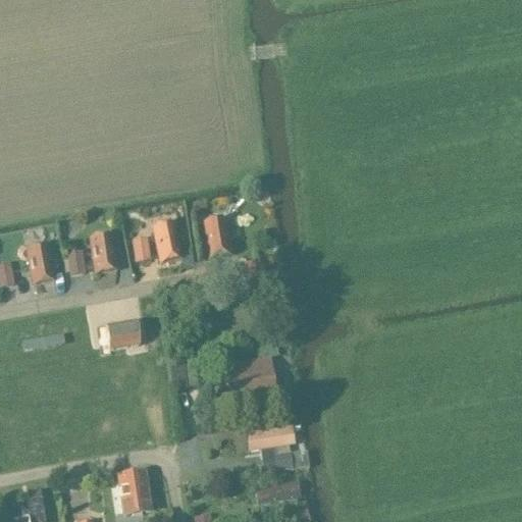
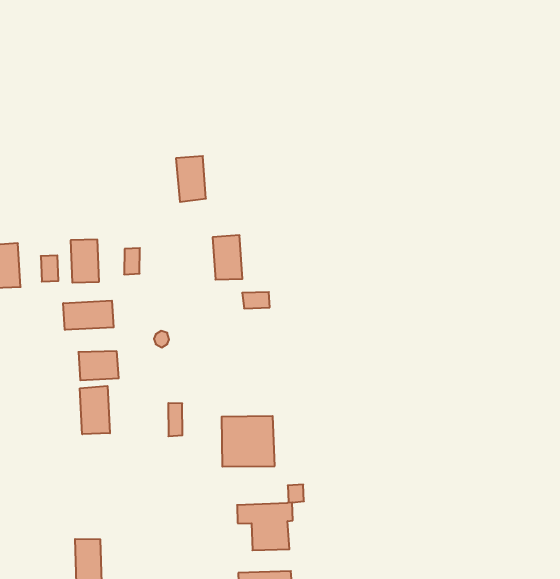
building: [154,221,181,260] -> [176,156,206,202]
building: none -> [63,301,114,330]
building: none -> [80,386,110,434]

